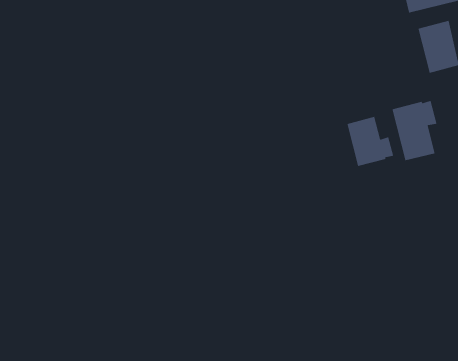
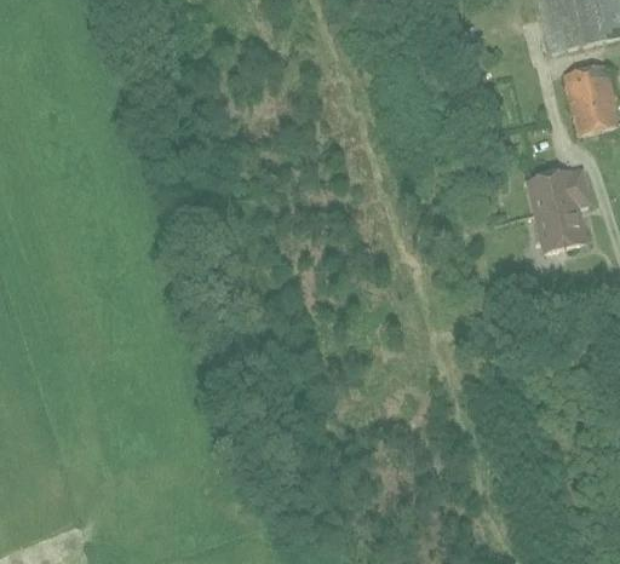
building: [346,116,394,167] -> none

